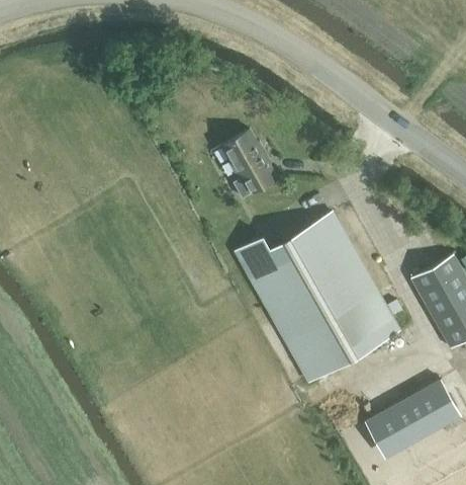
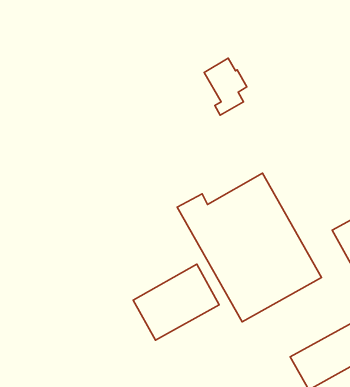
building: [222,131,271,195] -> [204,58,247,115]
building: none -> [133,264,219,340]

